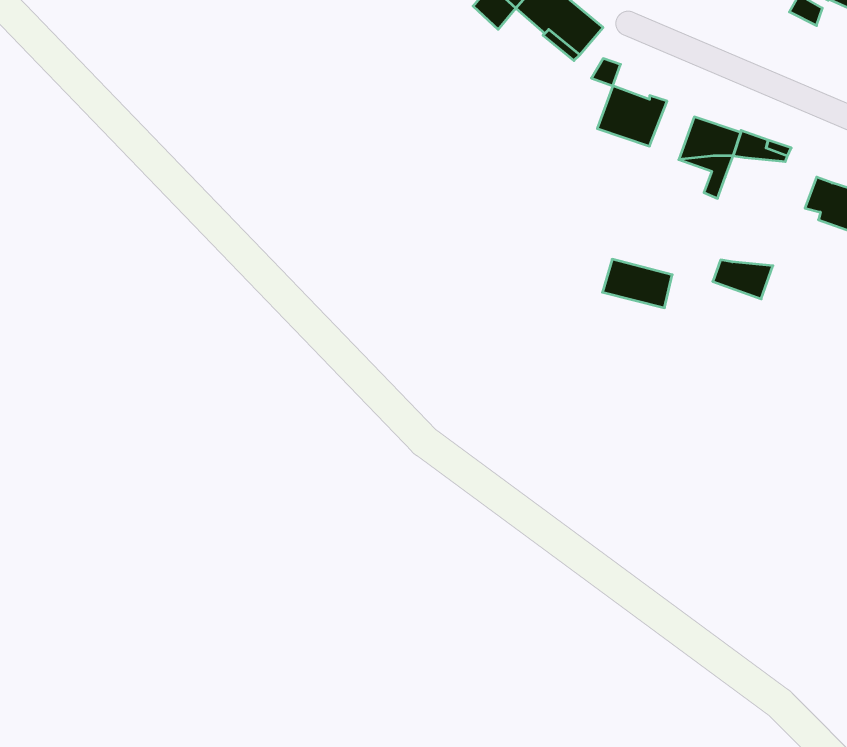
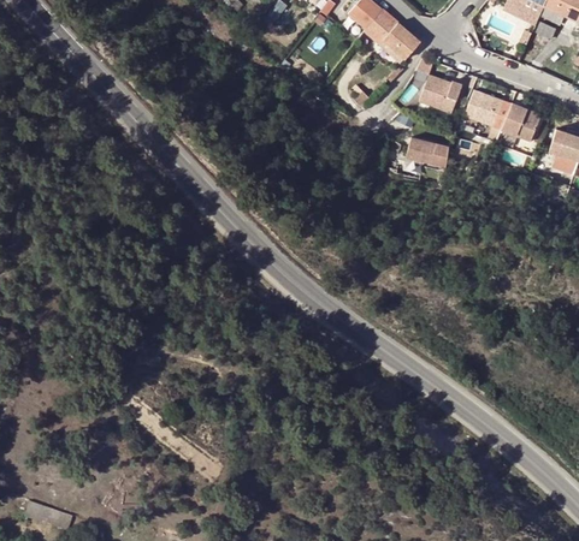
building: [602,259,672,308] -> [402,138,445,168]
building: [713,260,773,299] -> [497,119,534,143]

